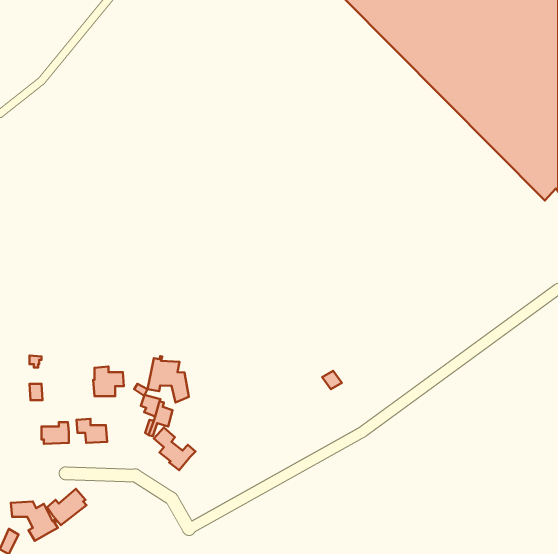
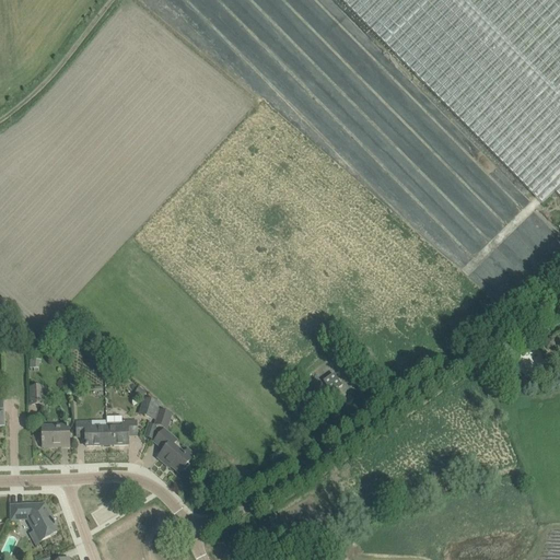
building: [147,356,189,402] -> none
building: [93,367,124,396] -> [106,413,137,443]
building: [47,489,86,525] -> none

